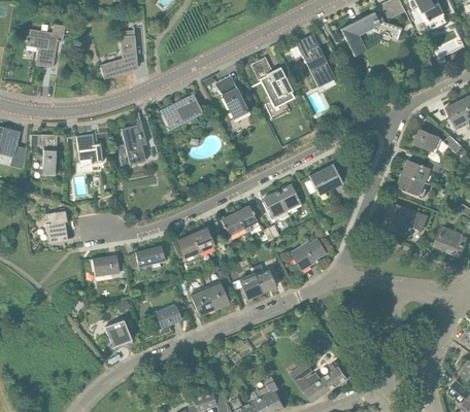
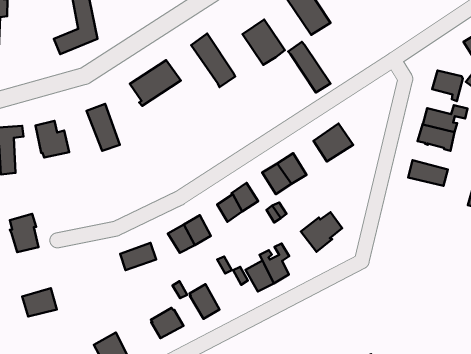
building: none -> [288,42,331,92]
building: [92,254,120,276] -> [22,288,57,317]
building: [204,280,229,309] -> none

